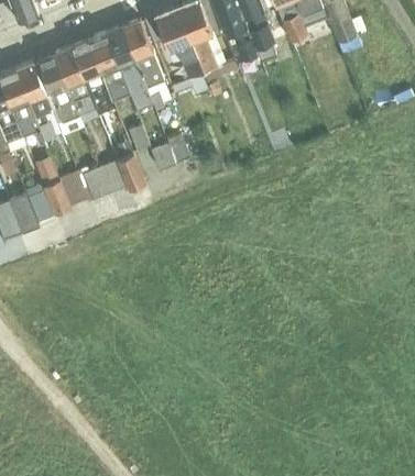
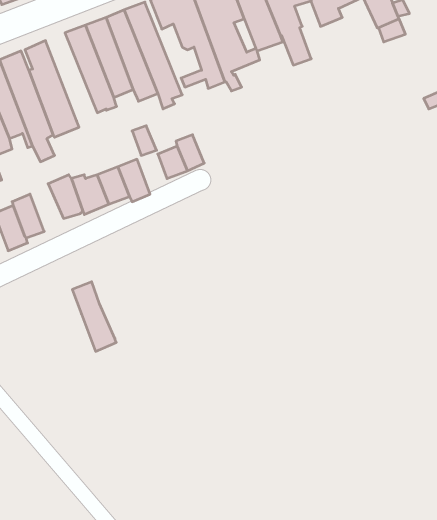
building: [54,46,98,121] -> none
building: [33,156,70,215] -> [72,282,116,351]

